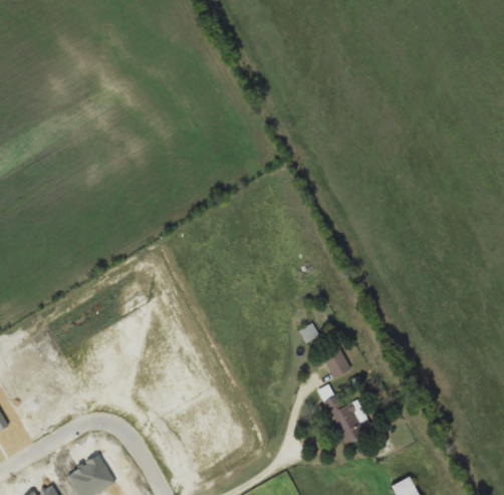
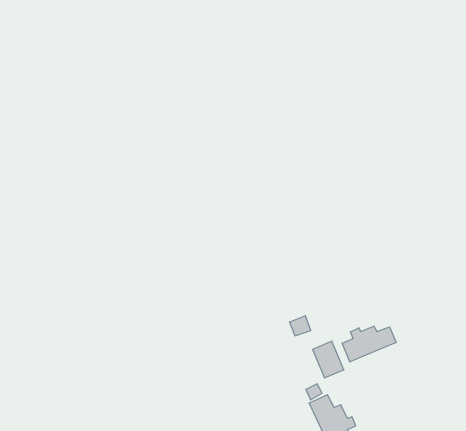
building: none -> [342,326,396,362]

